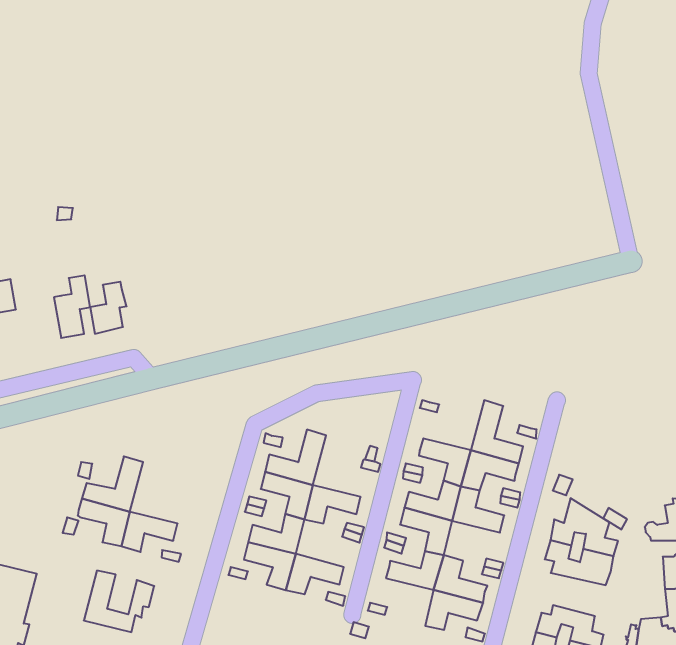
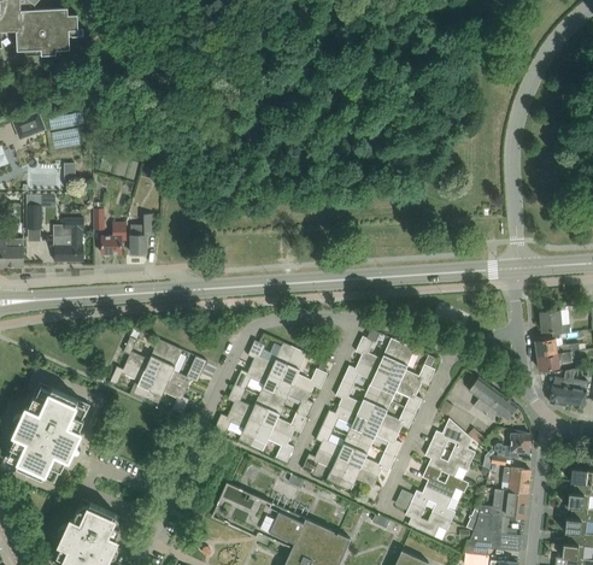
building: [90,282,127,334] -> [101,223,125,254]
building: none -> [358,339,403,375]
building: none -> [468,377,517,420]
building: none -> [280,348,315,393]
building: none -> [260,401,295,437]
building: none -> [358,419,398,447]
building: [84,571,154,632] -> [155,345,206,389]
building: none -> [422,465,468,499]
building: none -> [312,449,347,485]

